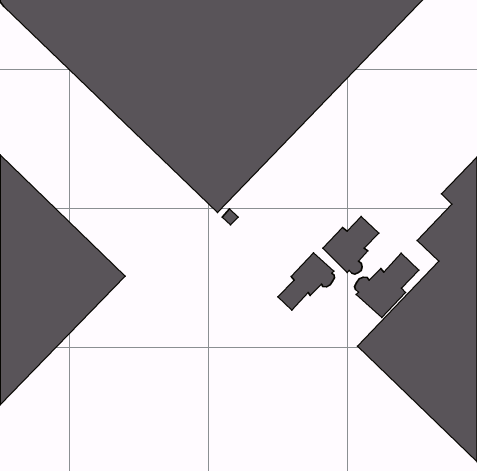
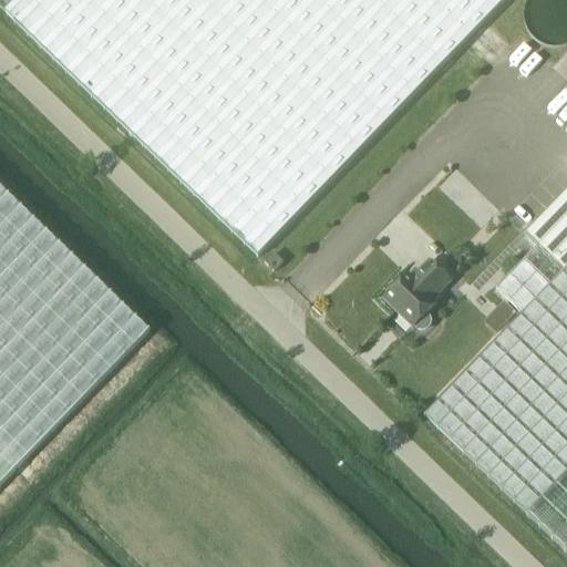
building: [278,253,335,310] -> none
building: [355,253,419,317] -> none

